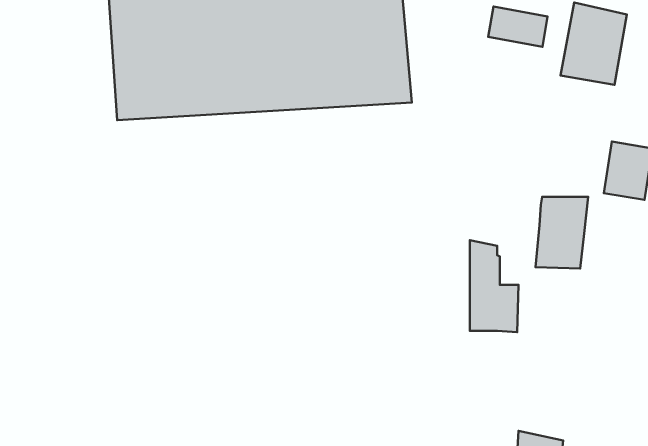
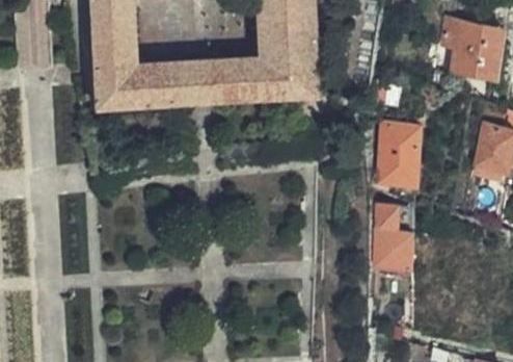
building: [488,6,548,47] -> none
building: [535,197,588,268] -> [376,128,416,183]

